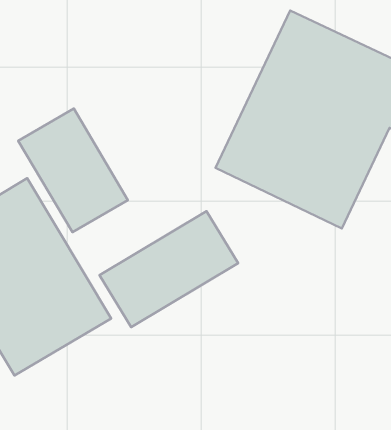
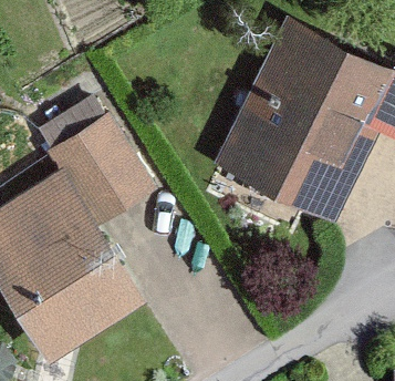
building: [99,211,238,327] -> none

